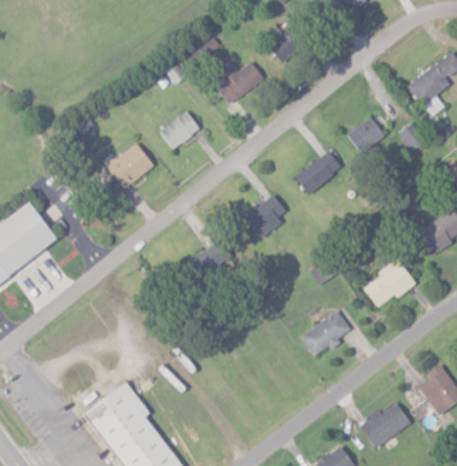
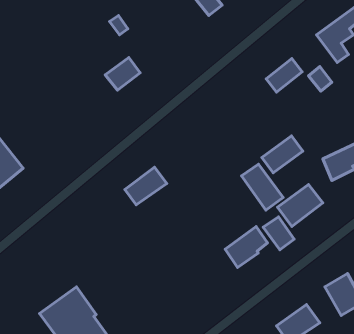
building: [217,60,264,103] -> none
building: [107,141,154,187] -> none
building: [294,150,342,193] -> [262,136,303,173]
building: [245,193,289,235] -> none
building: none -> [242,164,283,210]
building: none -> [263,217,294,250]

